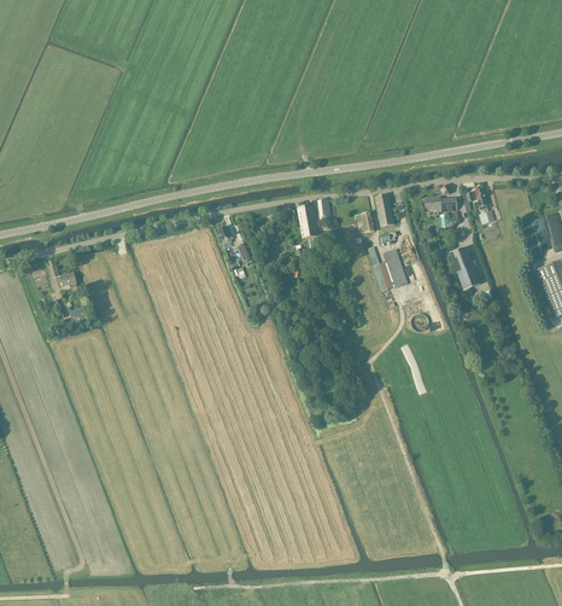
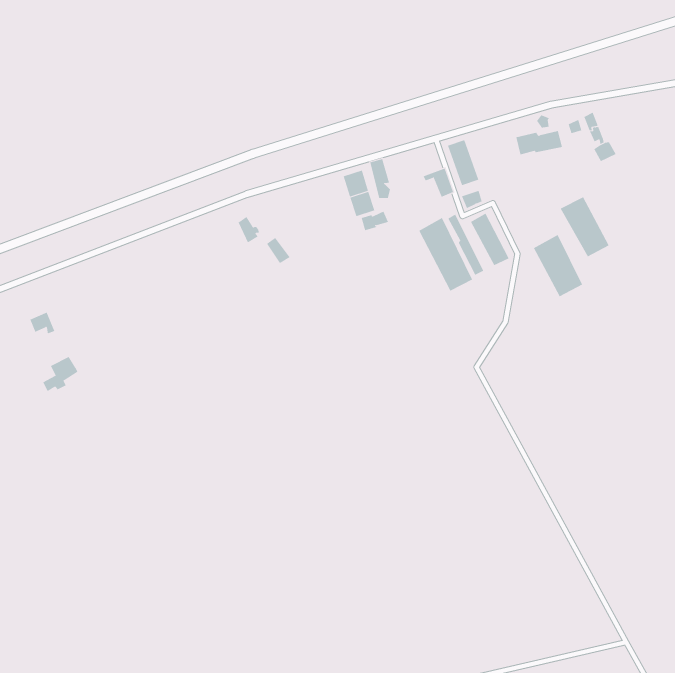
building: none -> [419,217,473,291]
building: none -> [533,234,583,297]

